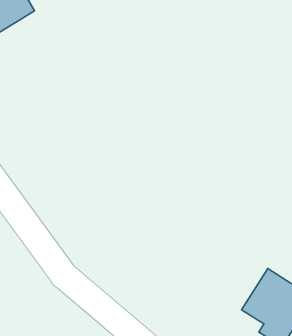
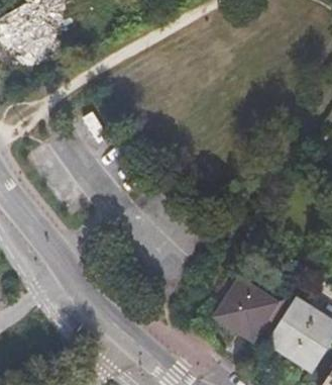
building: none -> [218,280,279,342]

